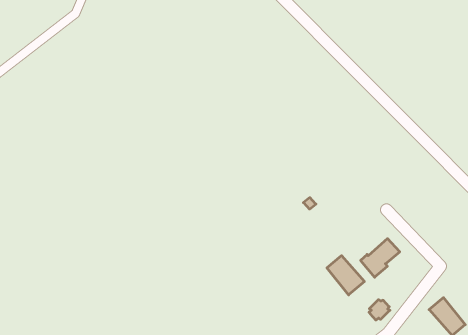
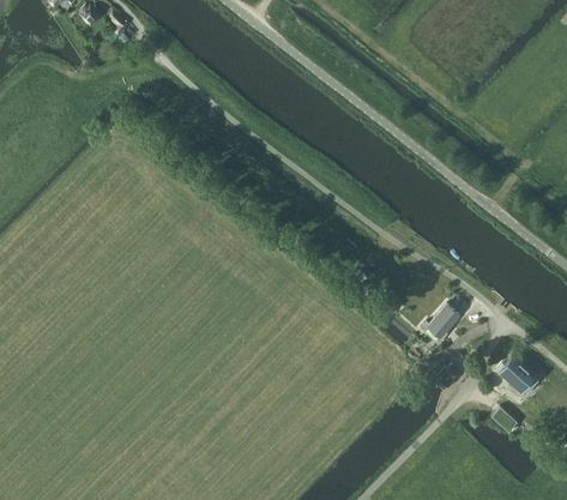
building: [327,256,364,295] -> none

